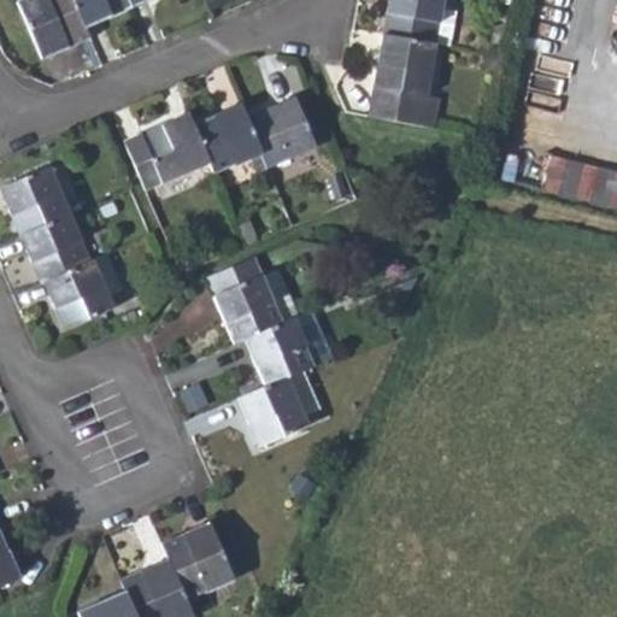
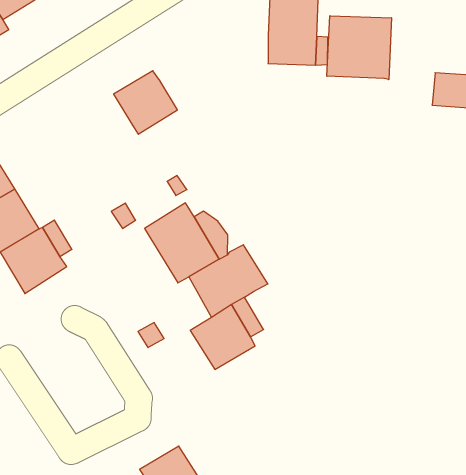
building: none -> [327,16,391,80]
building: [247,99,315,166] -> none
building: [124,113,210,189] -> none

